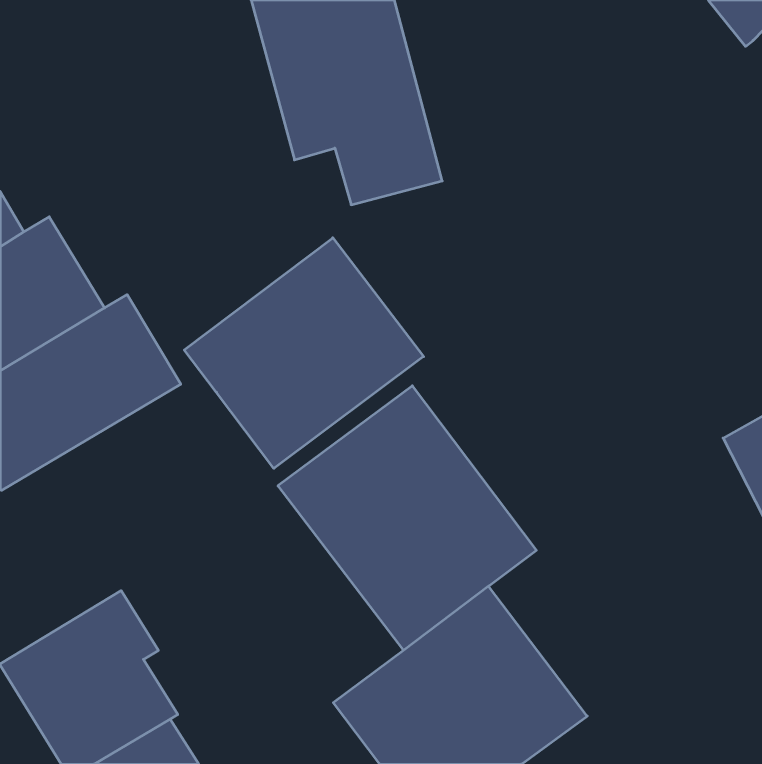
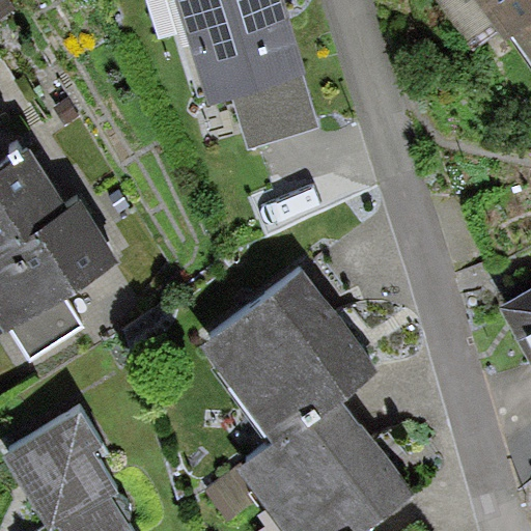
building: [184,238,424,468] -> none

